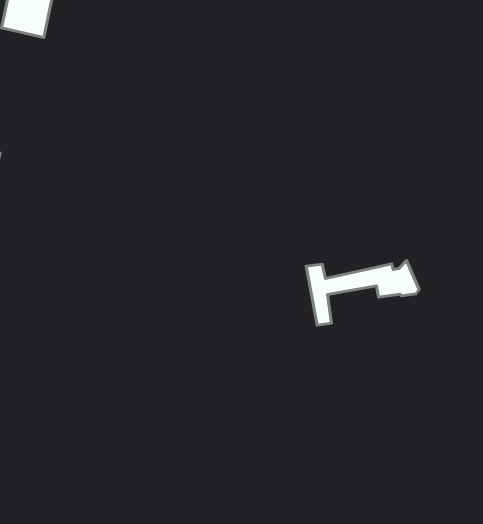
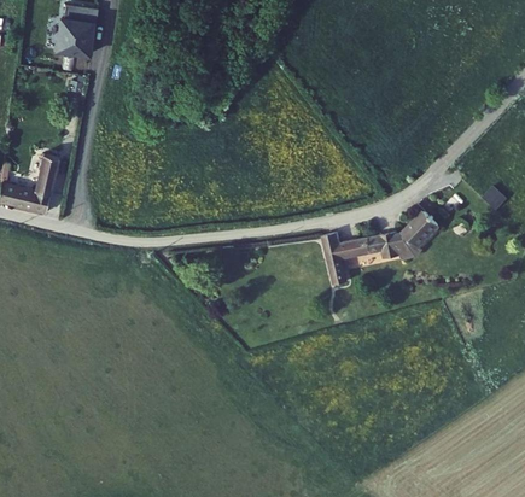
building: none -> [408,210,437,252]

